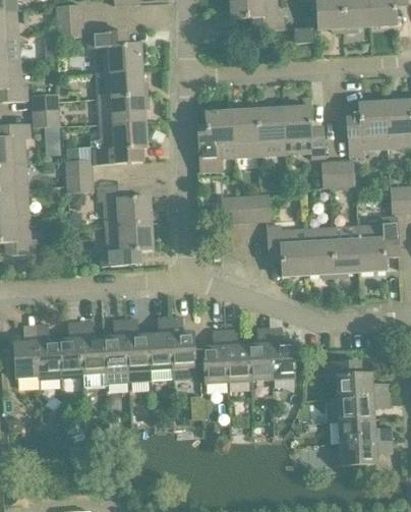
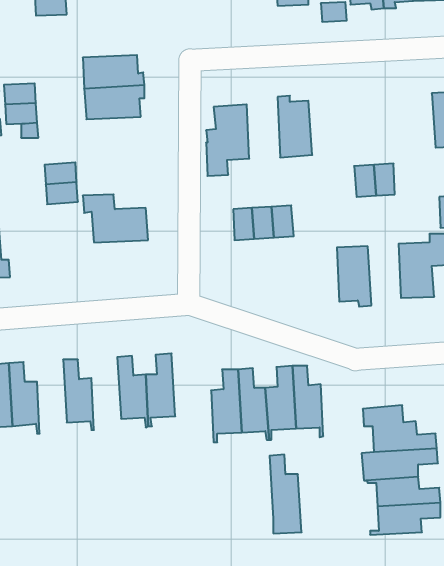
building: [87,32,141,72] -> none
building: [346,102,388,156] -> none
building: [232,105,259,156] -> none
building: [283,107,326,158] -> none
building: [94,121,145,164] -> none
building: [101,223,152,266] -> none
building: [266,224,308,276] -> none
building: [332,226,359,277] -> none
building: [170,316,196,381] -> [270,455,302,533]
building: [104,320,128,385] -> none
building: [59,322,83,383] -> none

